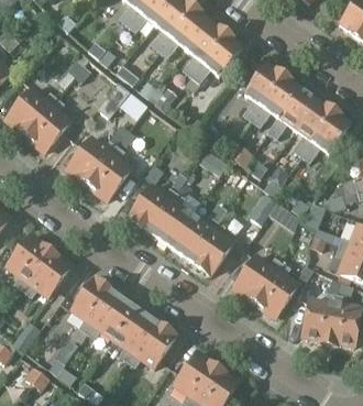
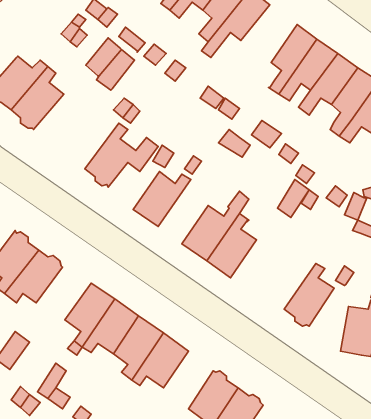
building: [68,136,117,183] -> none
building: [150,191,191,245] -> none
building: [234,255,282,300] -> none

